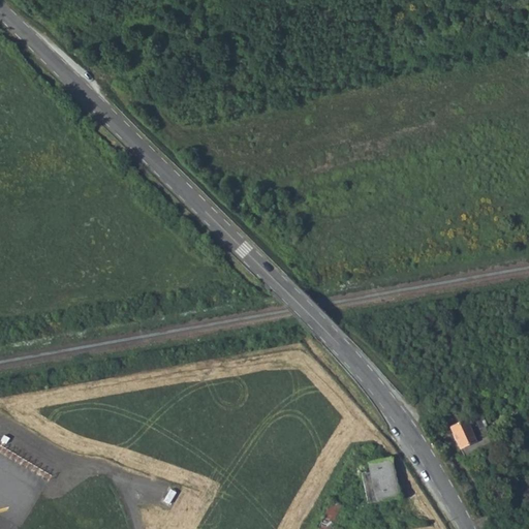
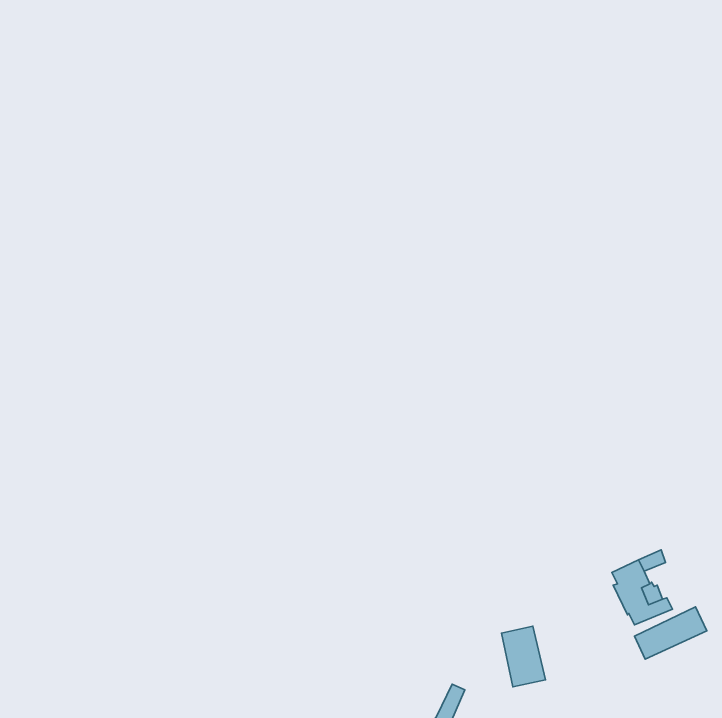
building: none -> [635,607,707,659]

